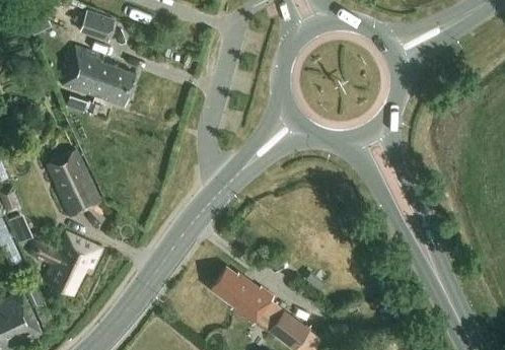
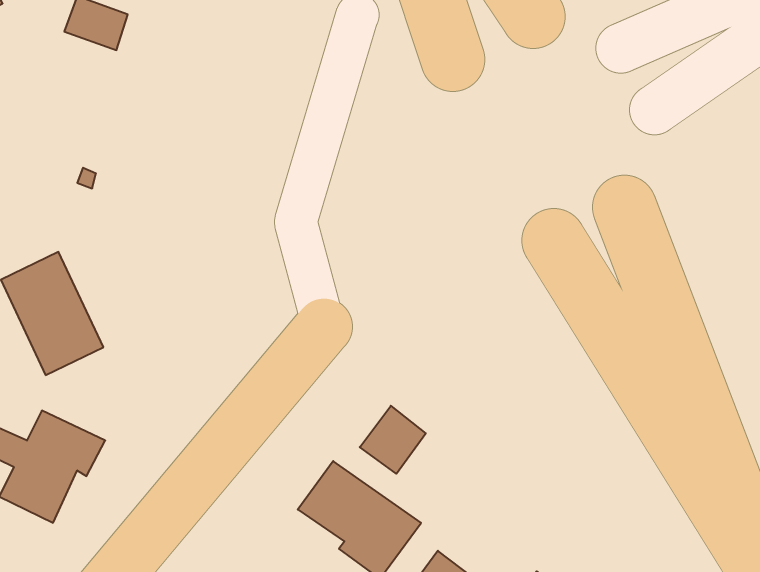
building: [62,46,136,108] -> none
building: none -> [360,406,426,474]

